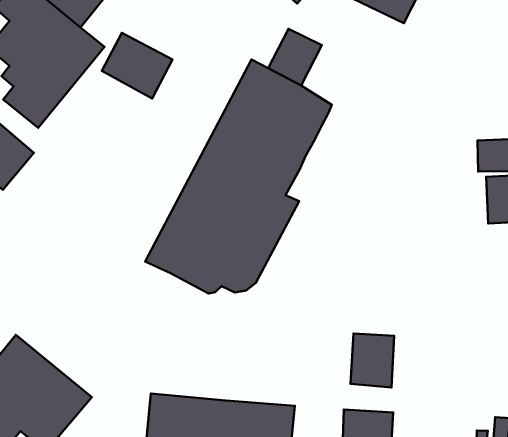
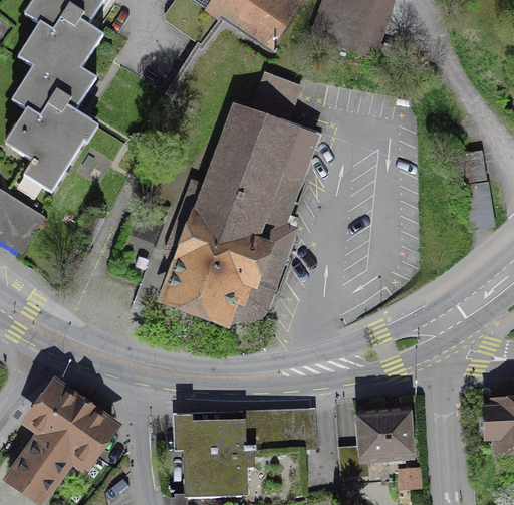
building: [102,33,173,98] -> none
building: [351,334,394,387] -> none

